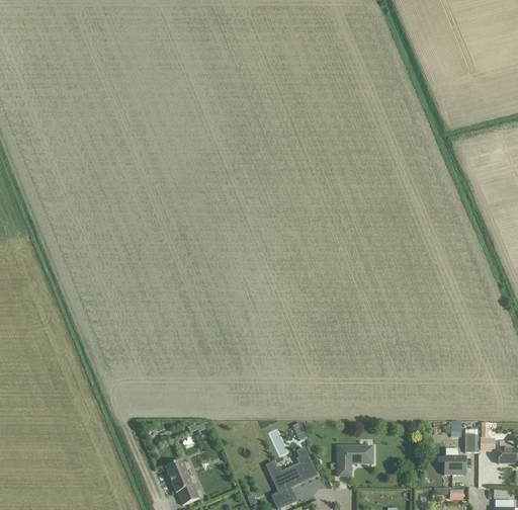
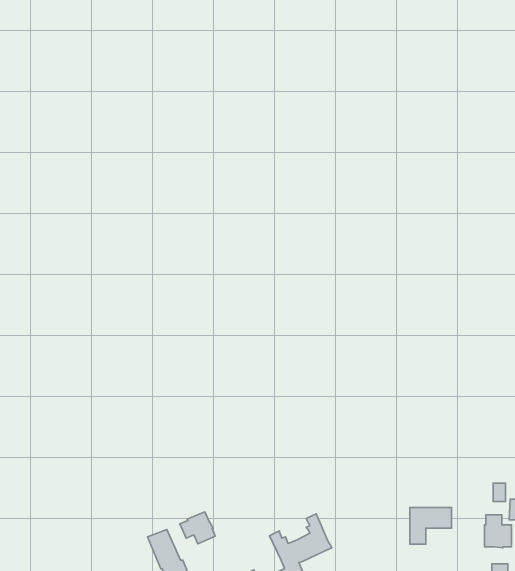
building: none -> [180,512,215,544]
building: [337,445,371,476] -> [410,507,451,544]

